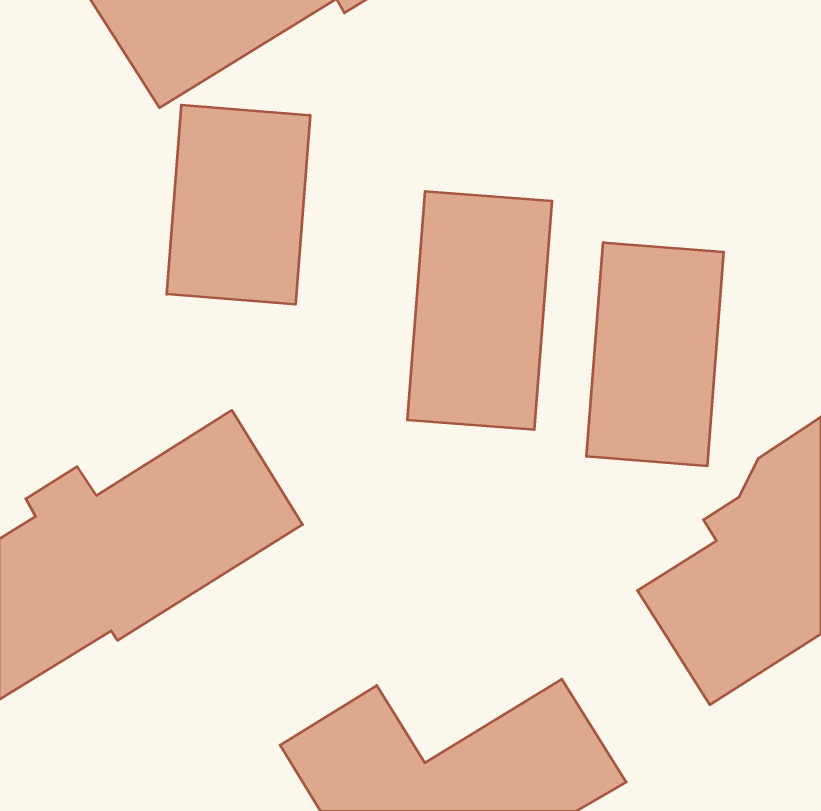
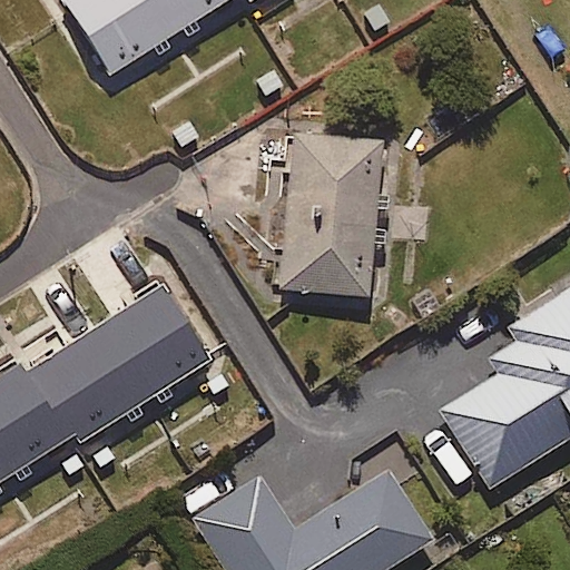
building: [167,105,310,304] -> none
building: [587,242,724,466] -> none

